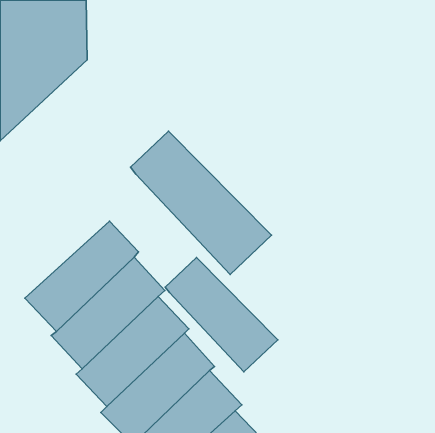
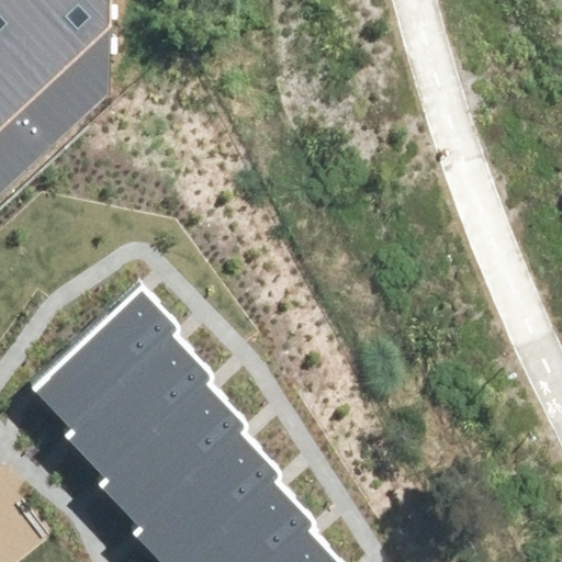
building: [131,131,272,274] -> none
building: [165,258,278,372] -> none

